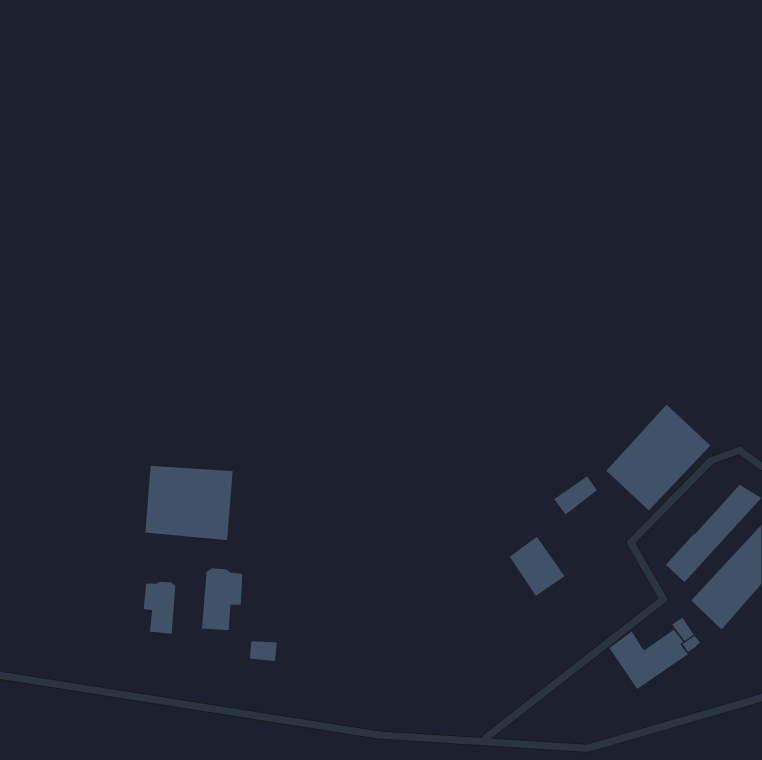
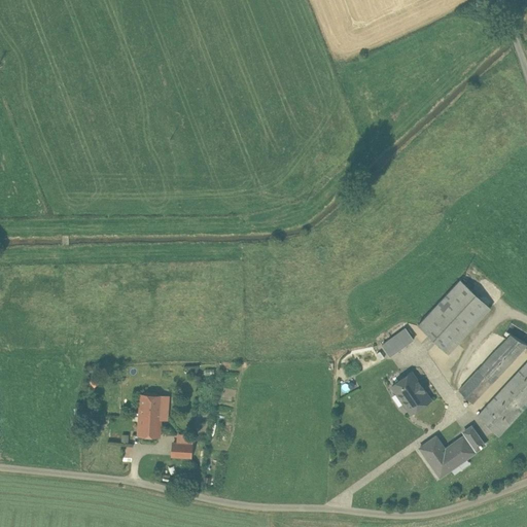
building: [145,465,233,541] -> none
building: [509,536,565,597] -> [392,373,431,415]
building: [143,581,176,634] -> none

